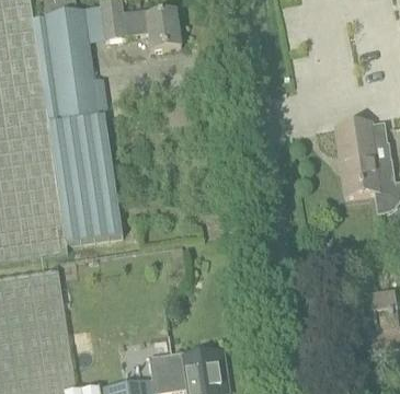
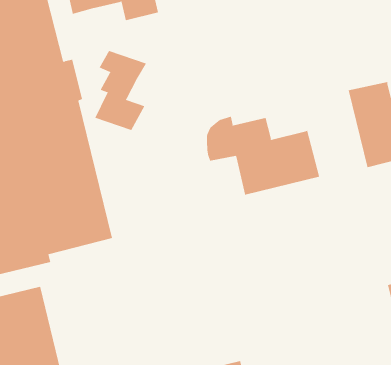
building: none -> [94,50,147,131]
building: none -> [206,116,320,195]

